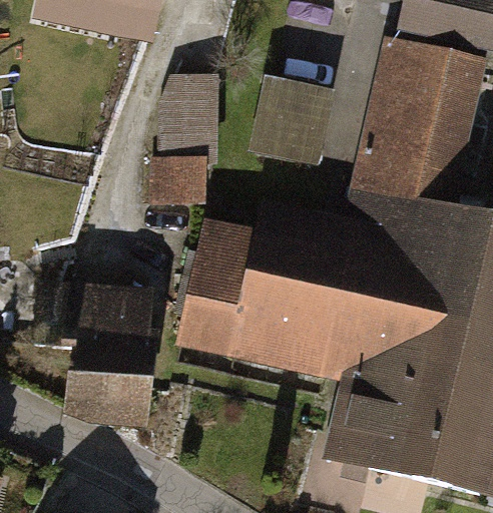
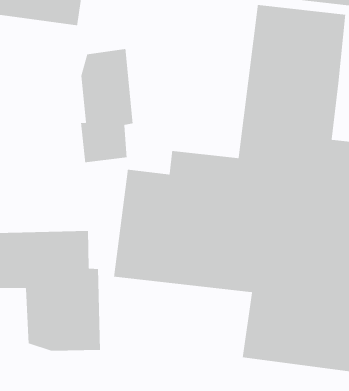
building: [254,79,330,158] -> none

